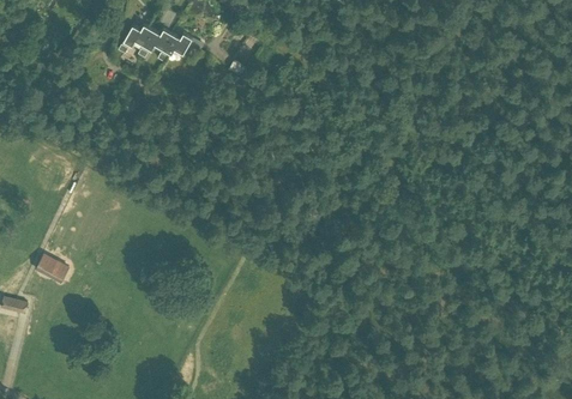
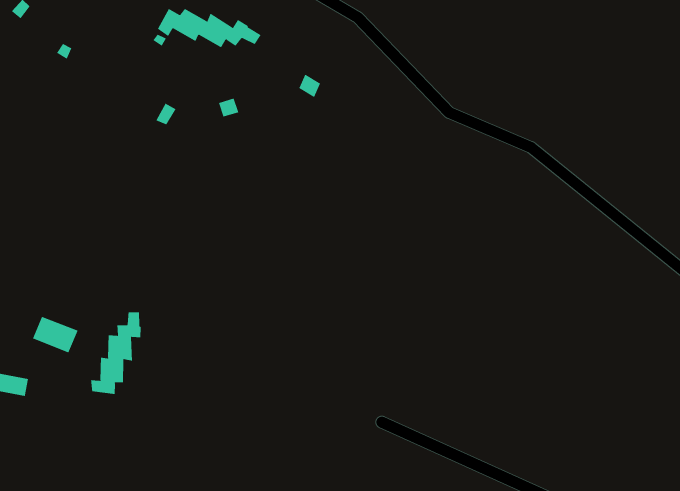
building: none -> [91,312,141,395]

